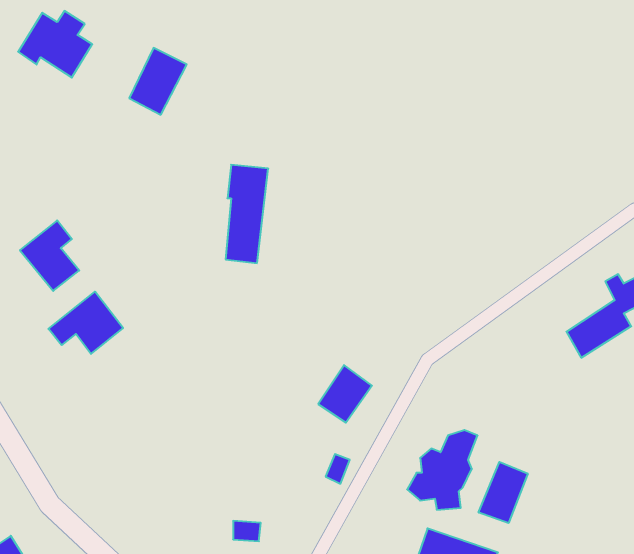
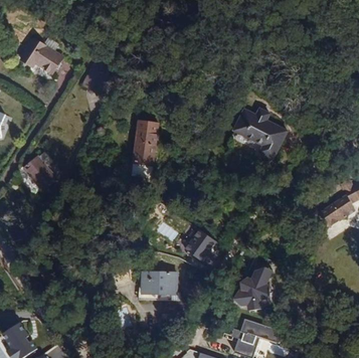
building: none -> [225,110,286,169]
building: [48,292,123,354] -> none
building: none -> [139,272,180,299]
building: [479,462,528,523] -> none

